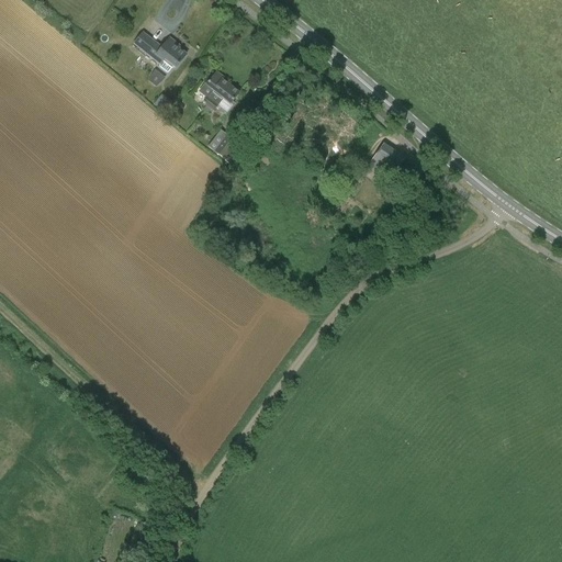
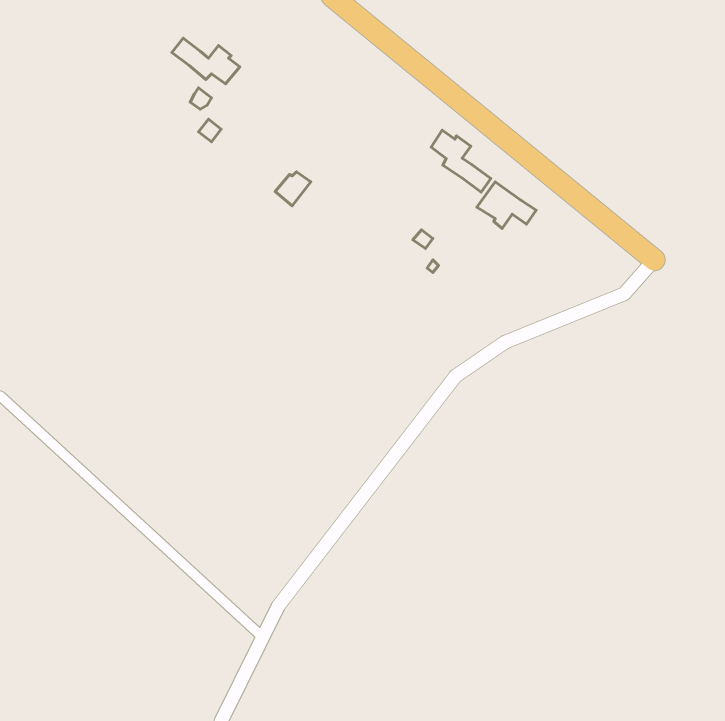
building: [201,71,239,108] -> none
building: none -> [431,130,491,192]

